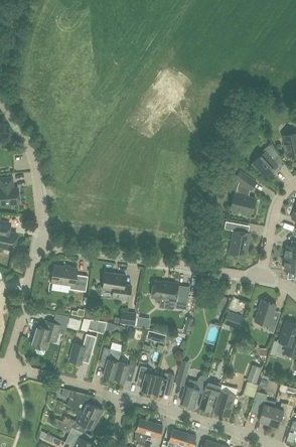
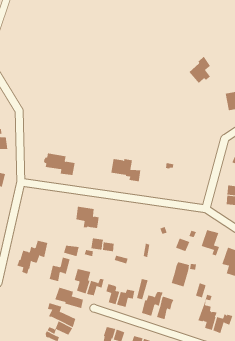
building: [252,143,279,177] -> [188,56,211,84]
building: [230,170,257,214] -> none
building: [225,220,250,257] -> none
building: [48,264,88,291] -> [43,153,75,175]
building: [151,281,188,309] -> [110,159,141,182]
building: none -> [55,287,84,309]
building: [213,385,237,416] -> [171,262,190,287]

